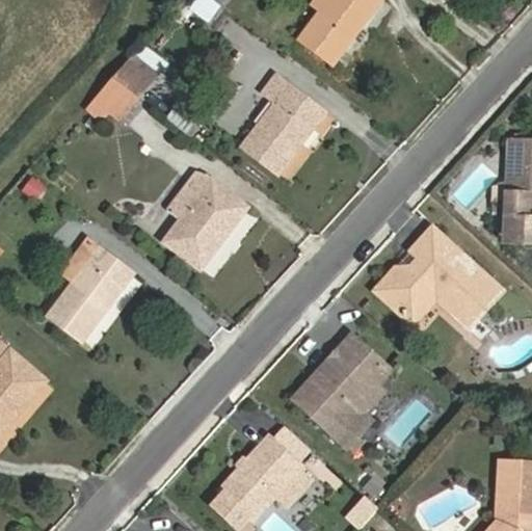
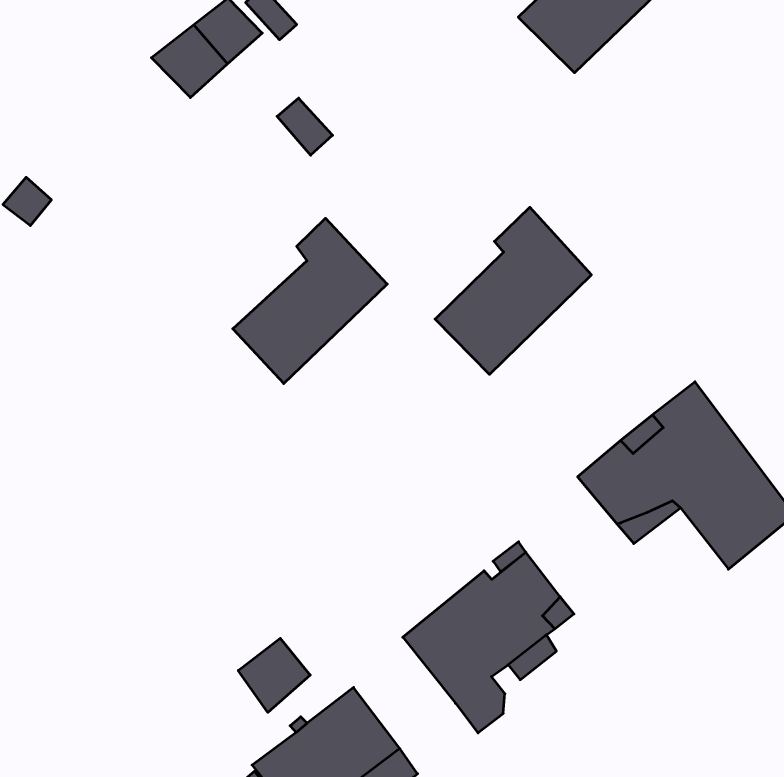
building: [241,77,325,176] -> [435,207,591,374]
building: [169,163,207,214] -> none
building: [48,246,132,341] -> none
building: none -> [238,638,310,712]

